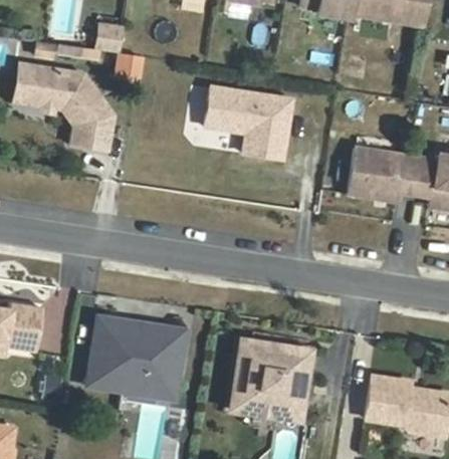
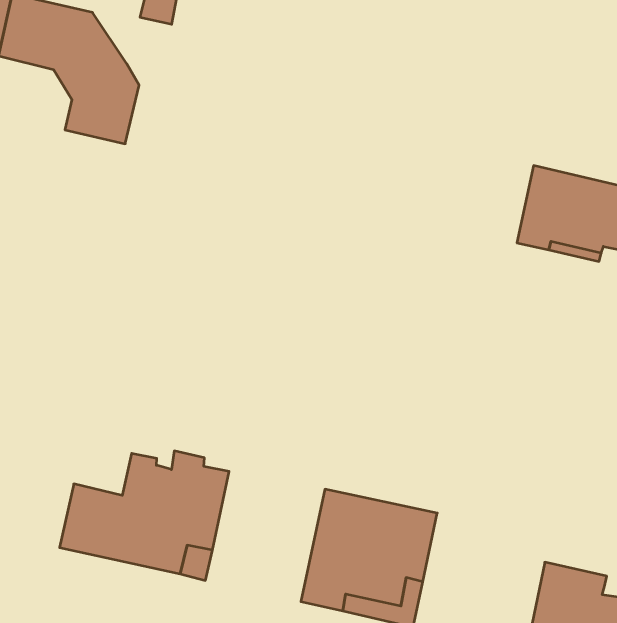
building: [203,85,289,159] -> none
building: [92,317,151,354] -> none

